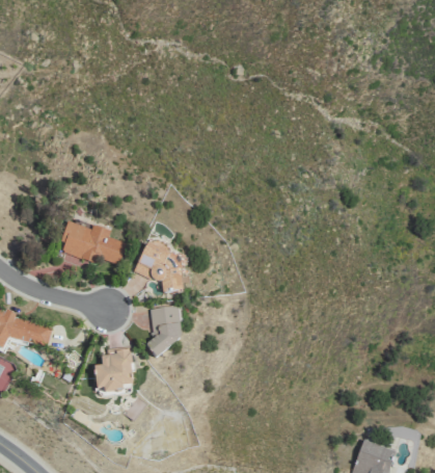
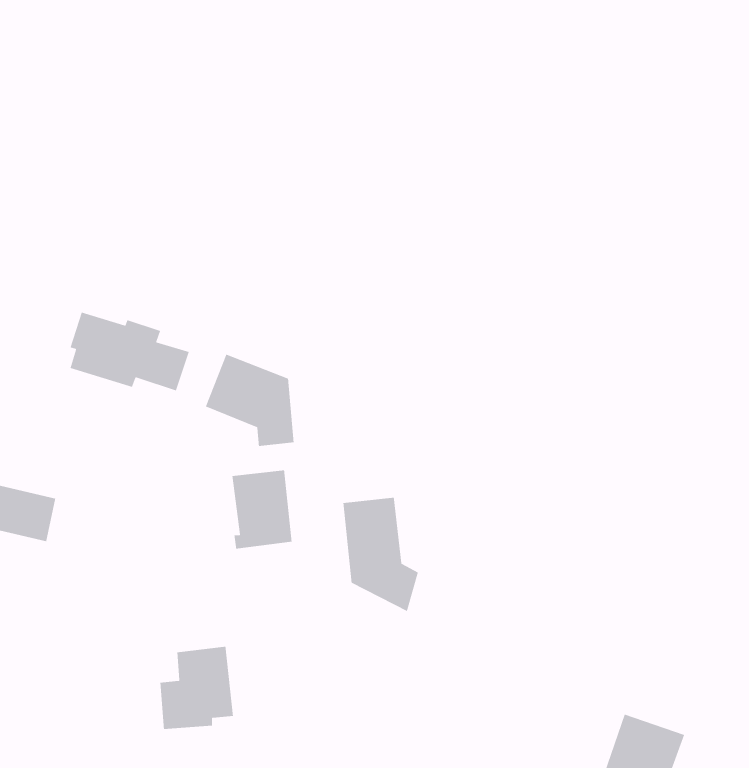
building: none -> [342,497,419,612]
building: [93,346,134,392] -> [159,646,234,730]

